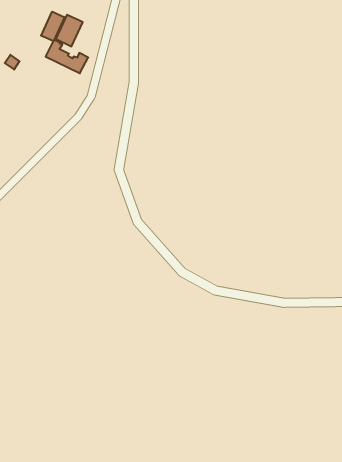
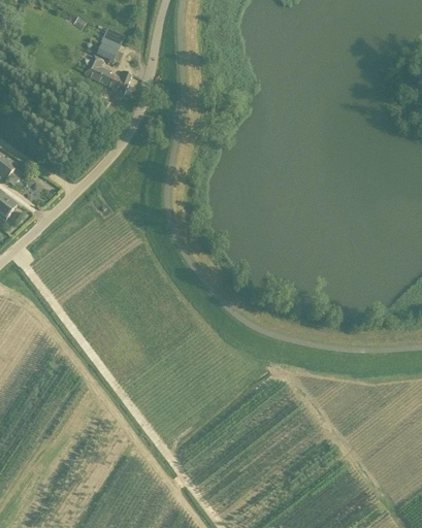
building: [41,12,64,41] -> none

